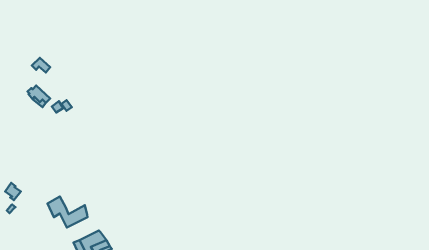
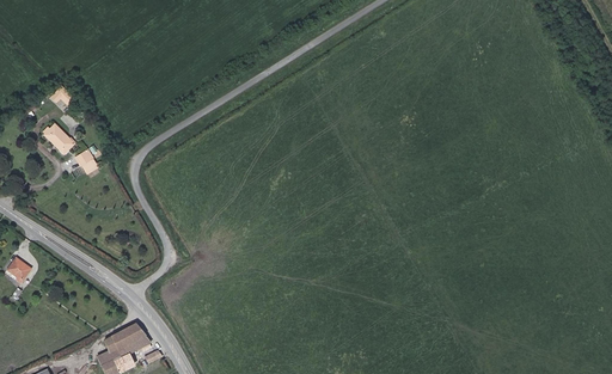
building: [48,197,88,228] -> none

